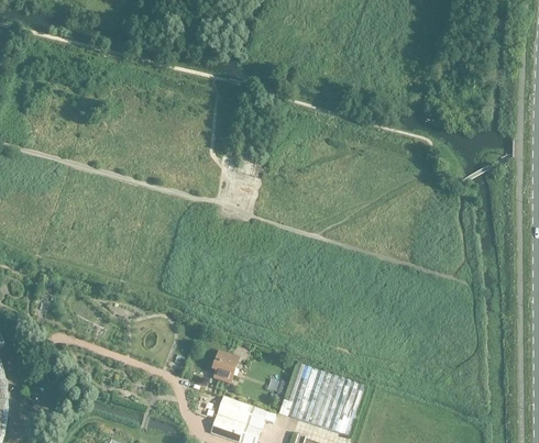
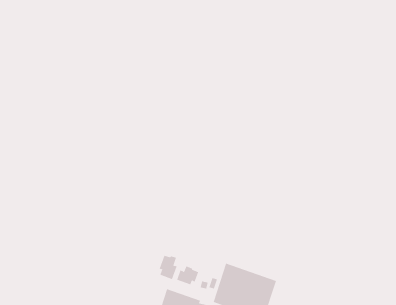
building: none -> [176,265,199,285]

